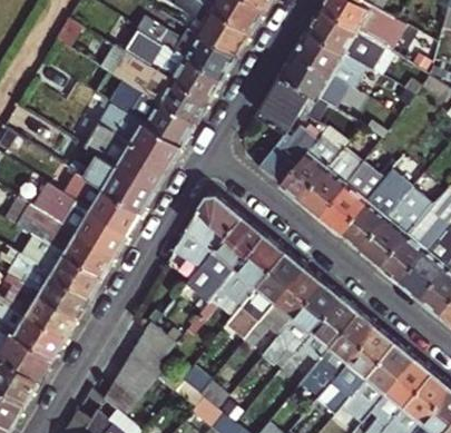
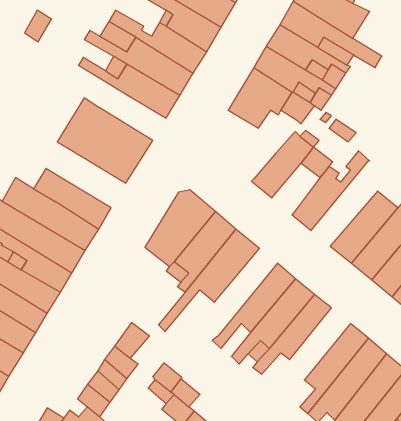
building: [128,101,194,146] -> none
building: [259,127,318,184] -> none
building: [67,154,154,213] -> none
building: [337,166,414,250] -> none
building: [298,168,346,219] -> none
building: [226,253,304,339] -> none
building: [291,312,376,402] -> none

